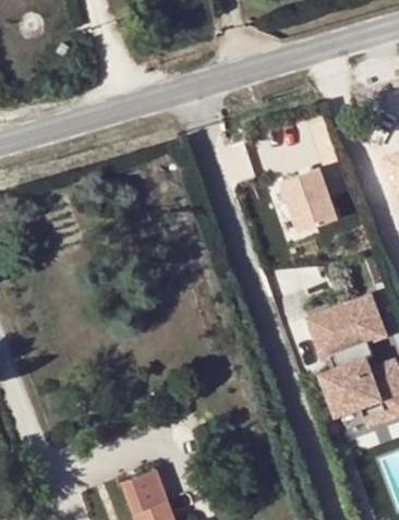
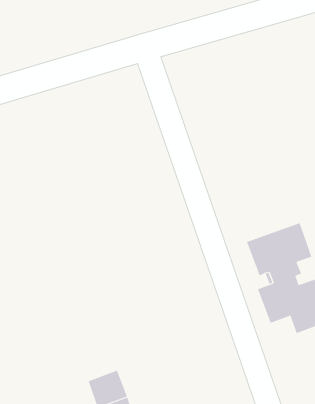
building: [283,169,338,233] -> none

